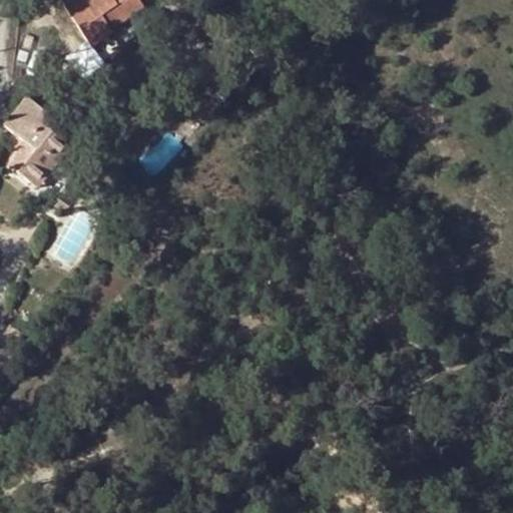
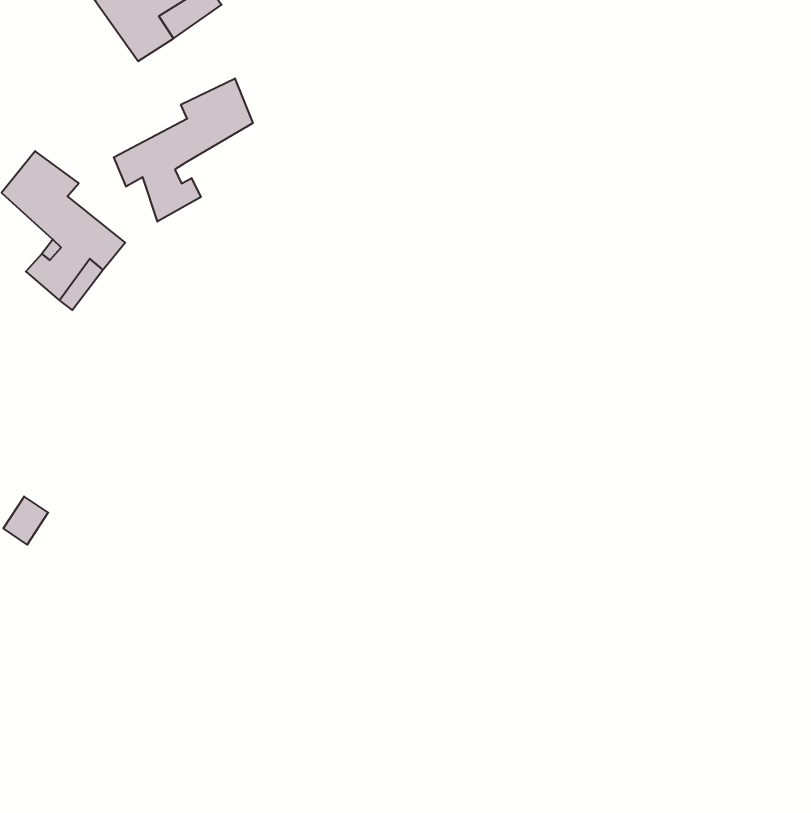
building: none -> [114,78,253,222]

